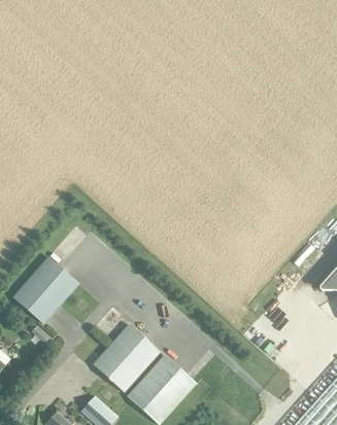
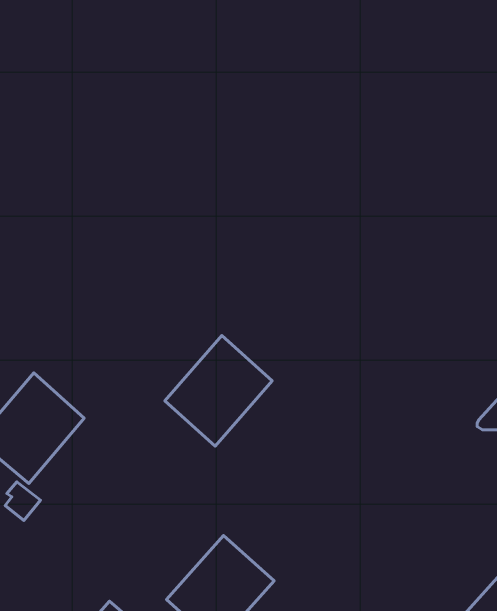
building: [94,325,160,393] -> [165,335,272,446]

